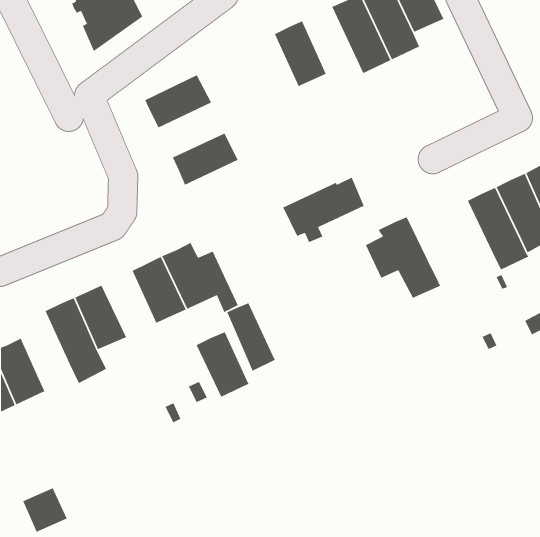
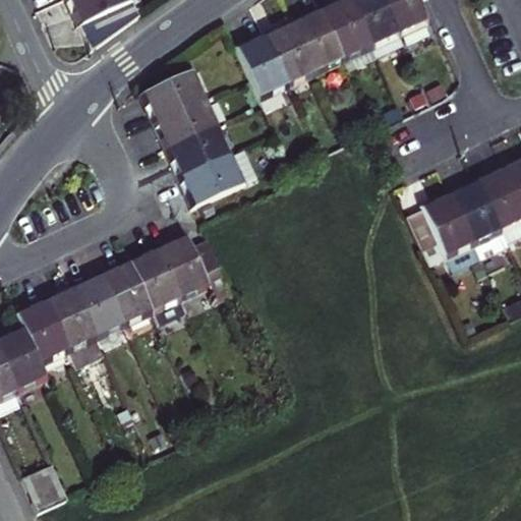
building: none -> [292,6,344,71]
building: none -> [236,33,288,98]
building: none -> [154,99,218,151]
building: [282,176,365,243] -> [179,149,258,213]
building: [365,216,441,299] -> [409,192,482,272]
building: [226,302,276,372] -> none
building: none -> [16,298,68,362]
building: [195,331,250,398] -> [100,259,152,324]

